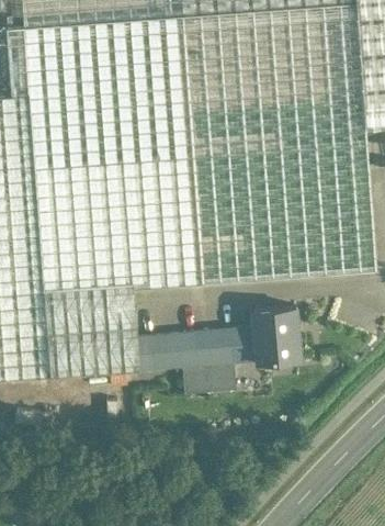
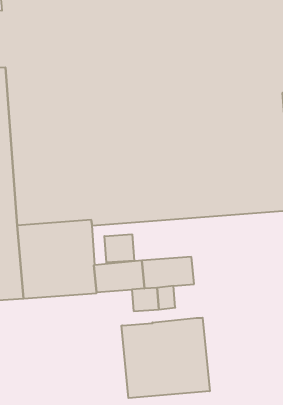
building: none -> [104,234,134,263]
building: [253,305,299,359] -> none
building: none -> [121,318,210,398]

